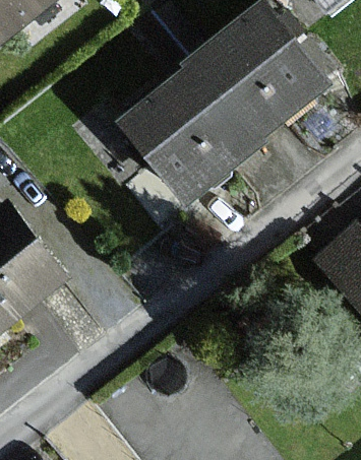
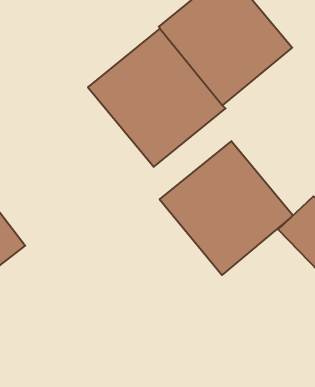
building: none -> [160,141,293,275]

